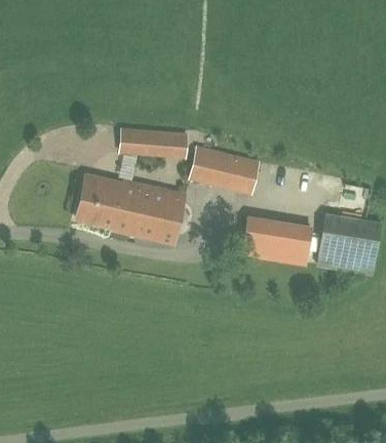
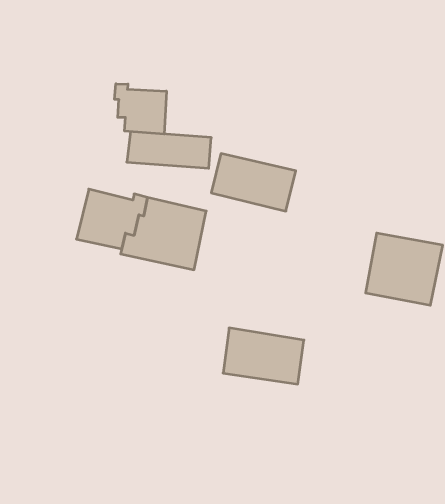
building: none -> [115,84,166,134]
building: [243,216,311,264] -> [223,328,304,384]

